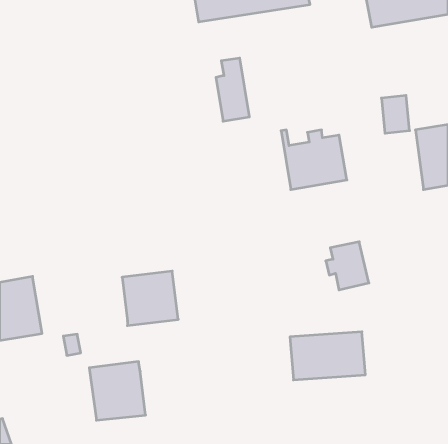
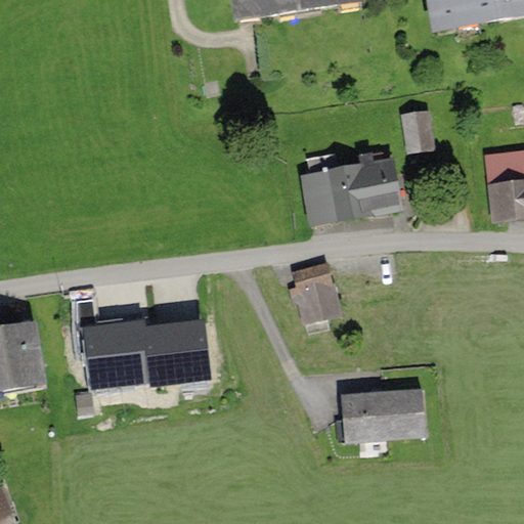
building: [216,58,249,121] -> [300,152,339,226]
building: [381,95,410,133] -> [401,108,434,152]
building: [326,242,369,290] -> [288,263,338,319]
building: [89,362,146,420] -> [83,312,148,381]

